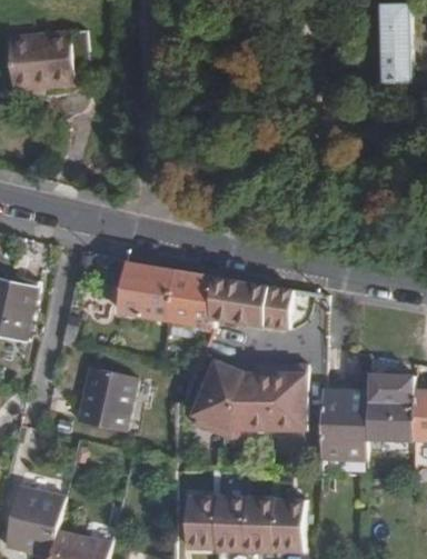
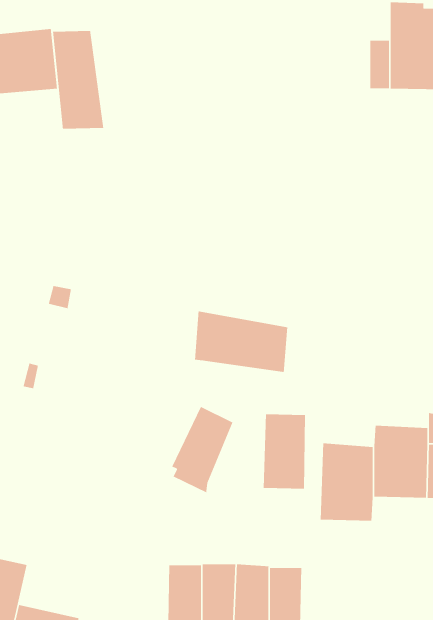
building: none -> [52,30,104,129]
building: [116,261,217,329] -> none
building: [220,365,271,438] -> none
building: [75,369,133,432] -> none

